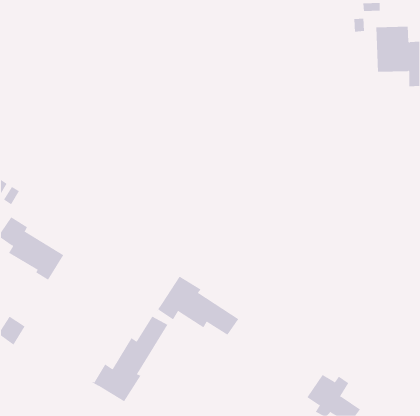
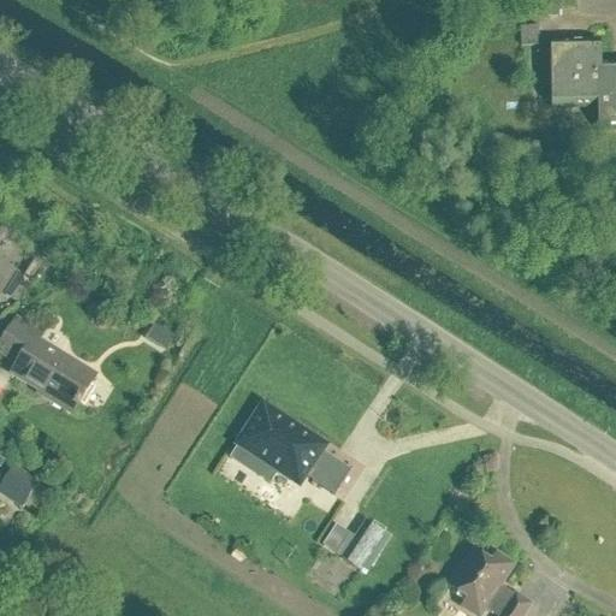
building: [91,316,168,402] -> none
building: none -> [319,515,390,570]

